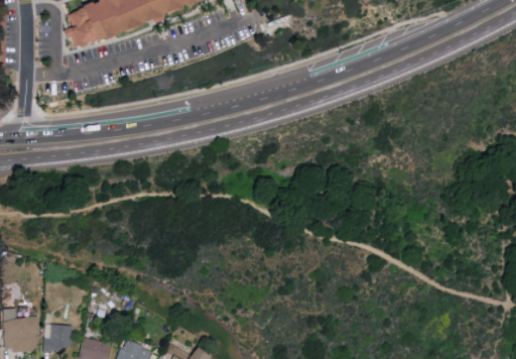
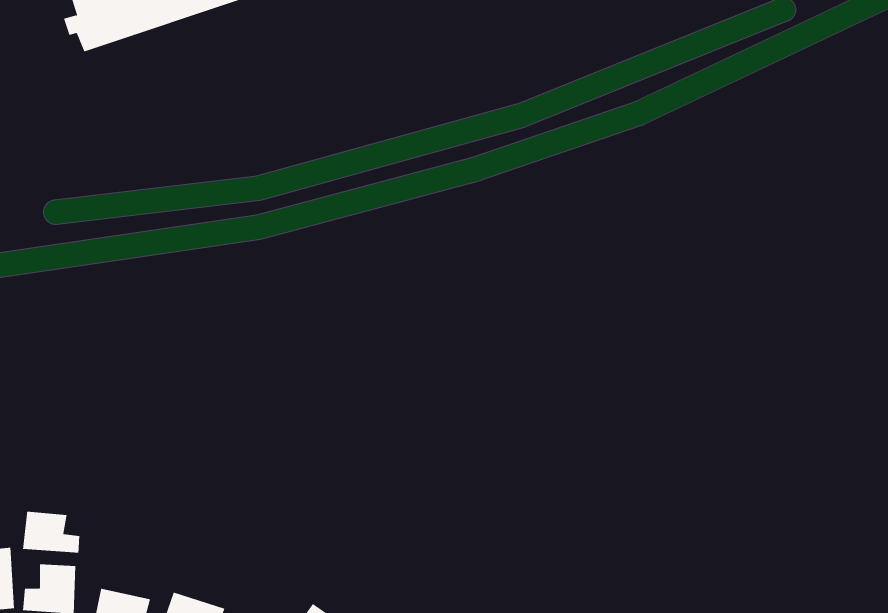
building: none -> [22,511,80,554]

